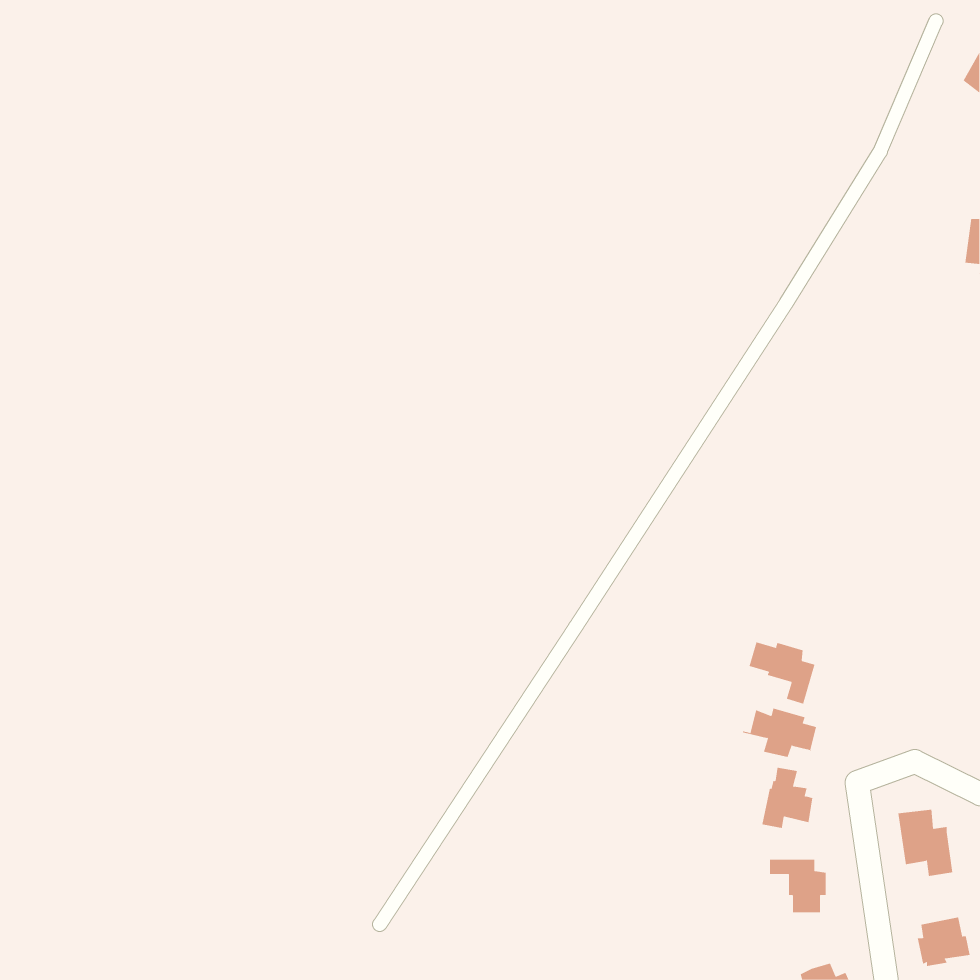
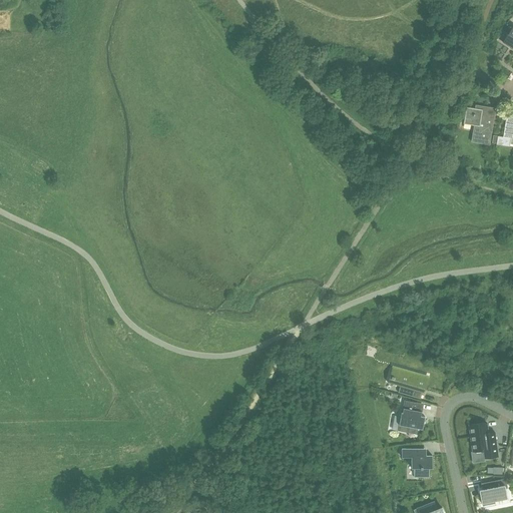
building: none -> [464,105,496,145]
building: [749,641,815,704] -> none

